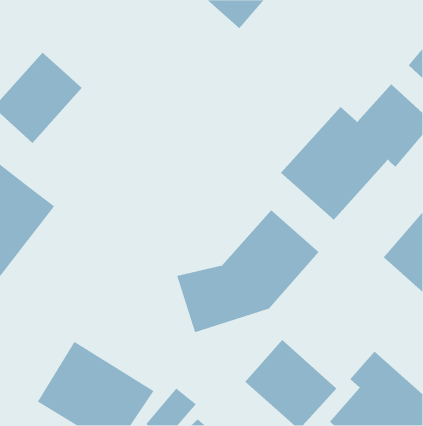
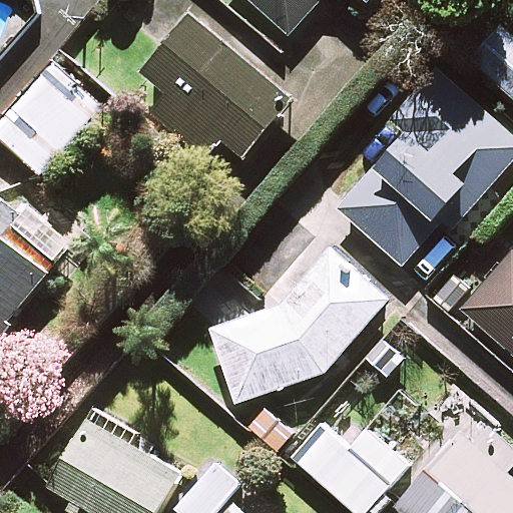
building: none -> [142,16,289,157]

